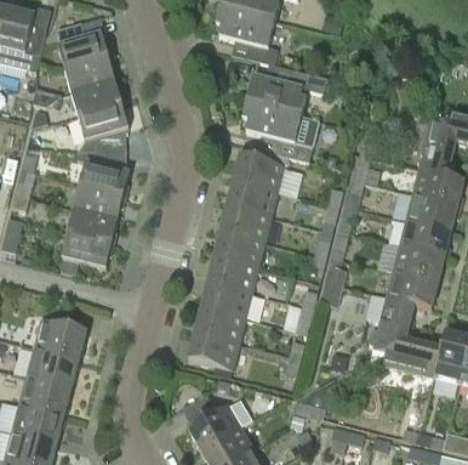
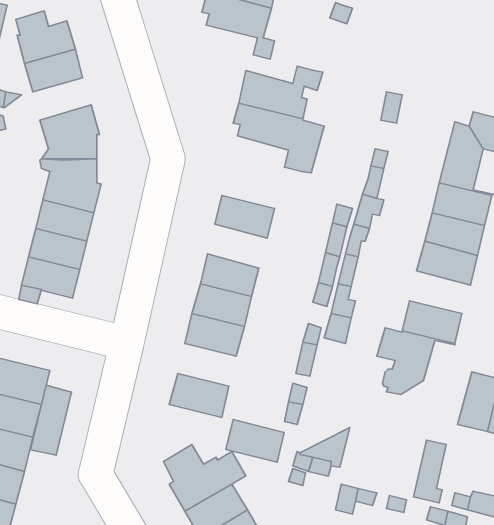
building: [70,80,120,117] -> none
building: [232,154,282,192] -> none
building: [219,205,270,243] -> none
building: [392,245,444,282] -> none
building: [194,307,244,344] -> [226,420,284,462]
building: [382,331,445,376] -> none
building: none -> [31,385,71,455]

